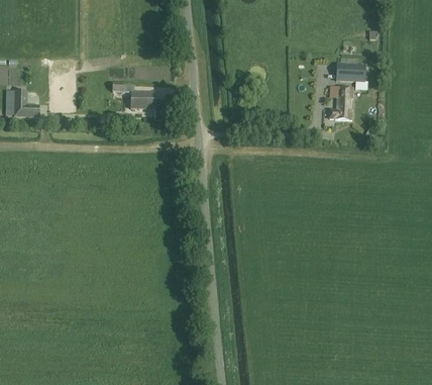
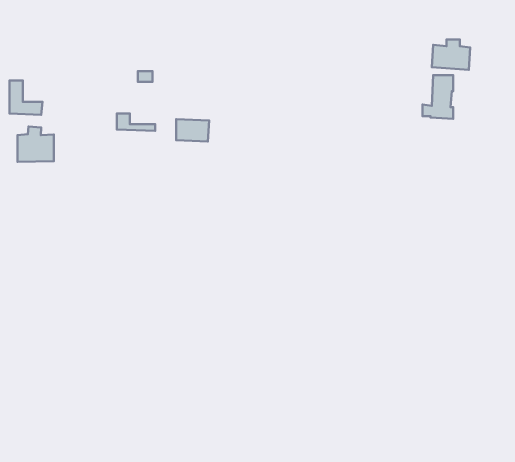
building: [129,91,154,108] -> [176,119,209,142]
building: none -> [18,126,54,162]

